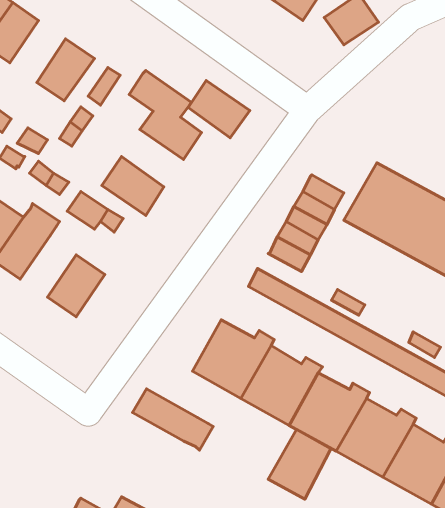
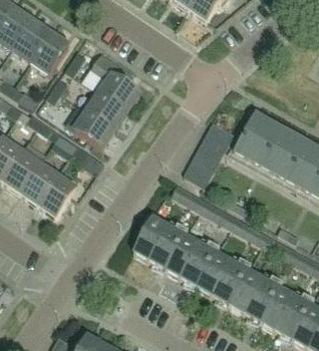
building: none -> [12,19,49,60]
building: [188,80,250,138] -> [86,91,127,129]
building: none -> [19,161,56,203]
building: [133,389,213,450] -> none
building: [268,430,331,499] -> none

